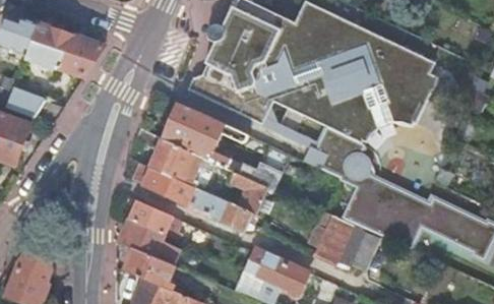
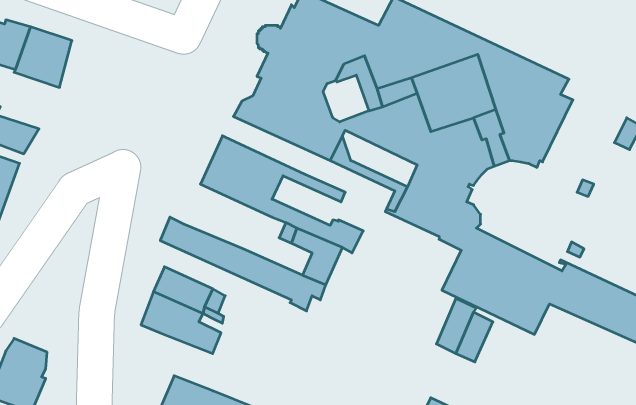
building: [60,34,104,75] -> none
building: [136,130,217,187] -> none
building: [309,211,352,261] -> none
building: [230,245,298,294] -> none
building: [125,249,176,292] -> none

